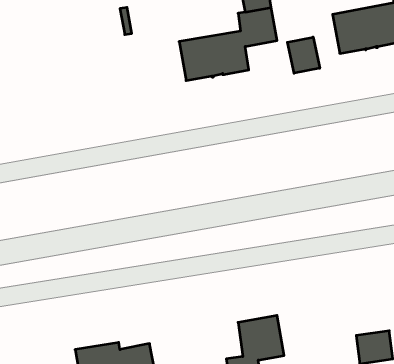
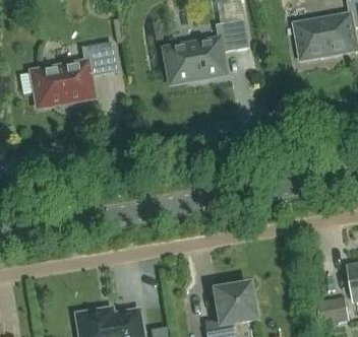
building: none -> [19,42,116,105]
building: [287,37,320,73] -> none

